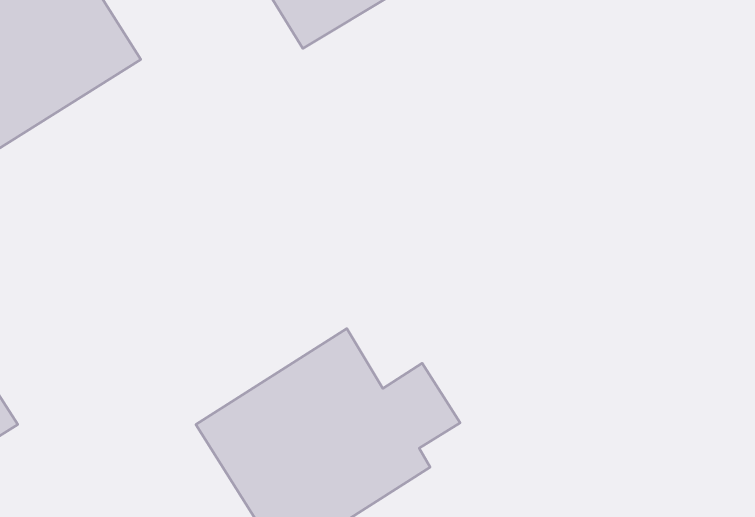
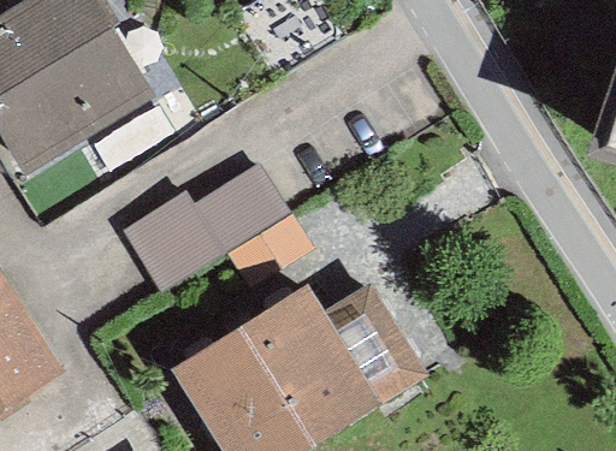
building: none -> [123,162,290,290]

